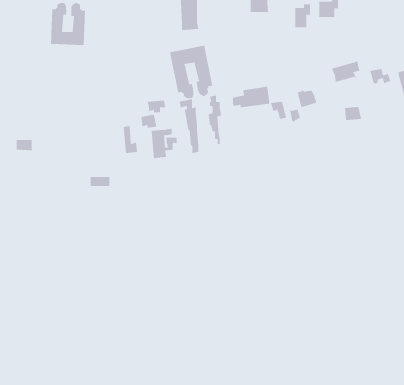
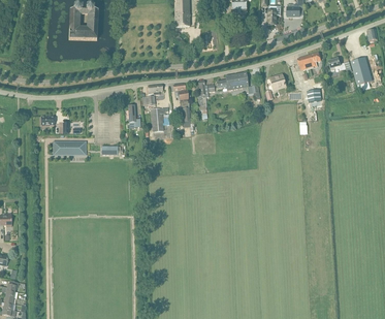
building: [170,45,213,99] -> none
building: none -> [53,140,87,155]

